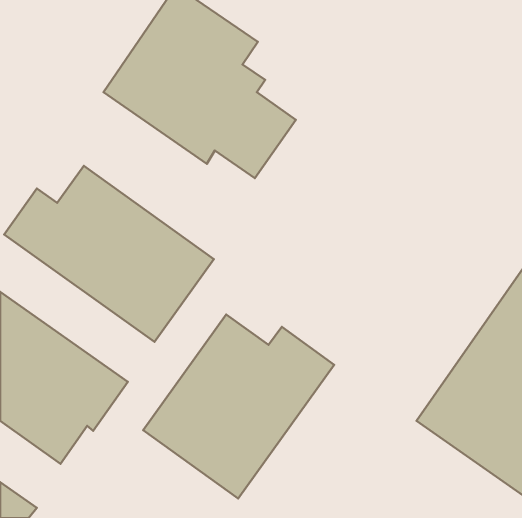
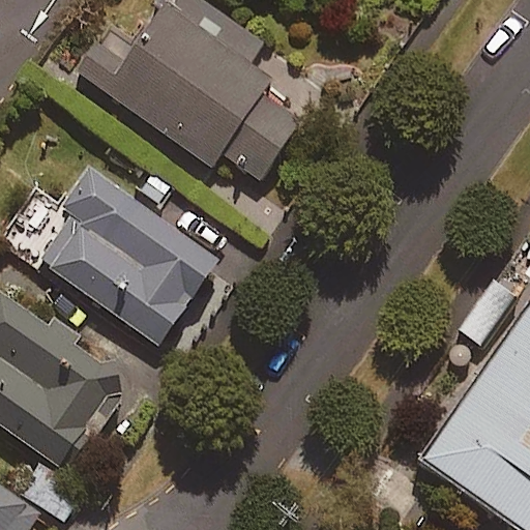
building: [143,315,334,498] -> none

